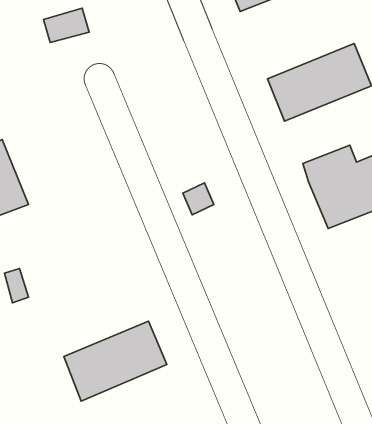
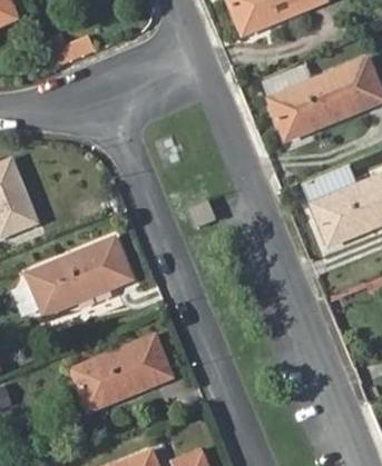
building: none -> [27,235,133,315]

